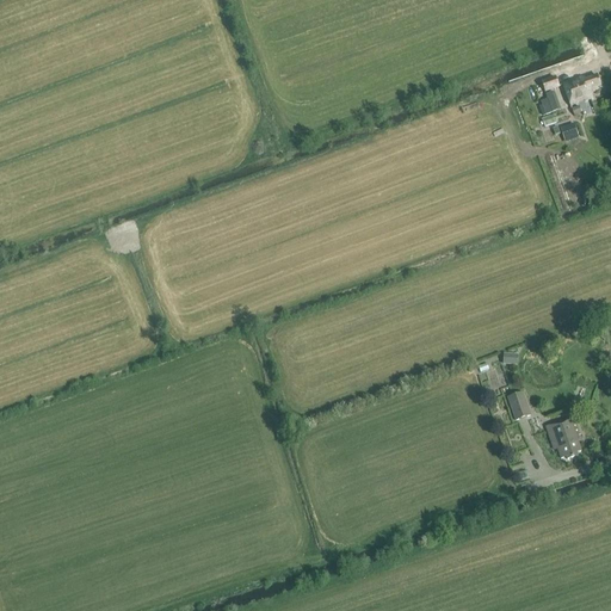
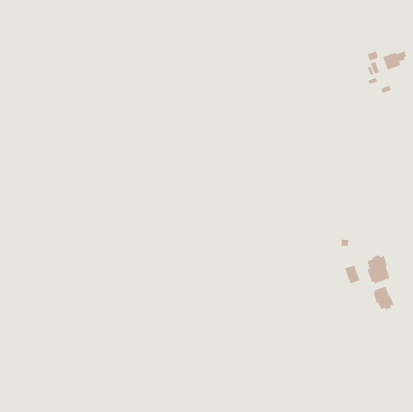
building: none -> [366,254,391,284]

